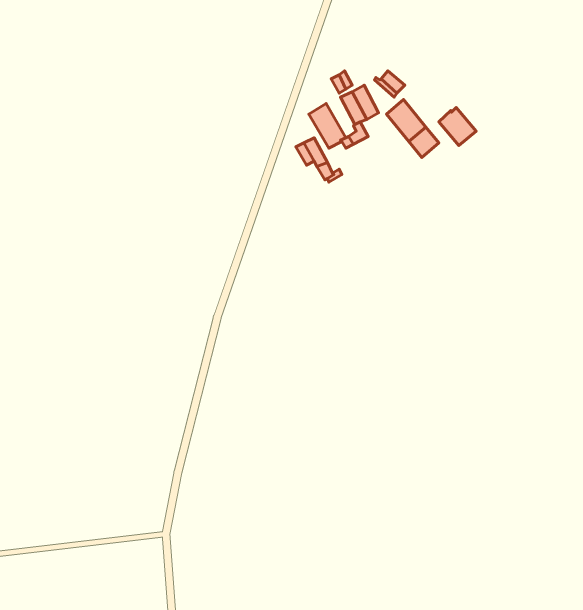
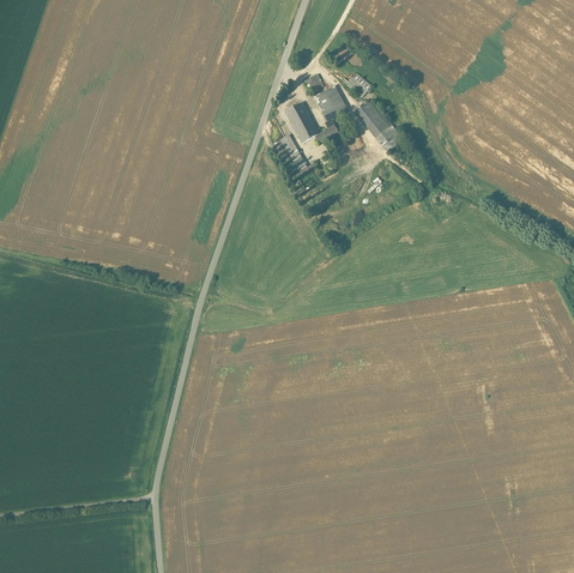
building: [439,108,476,145] -> none

